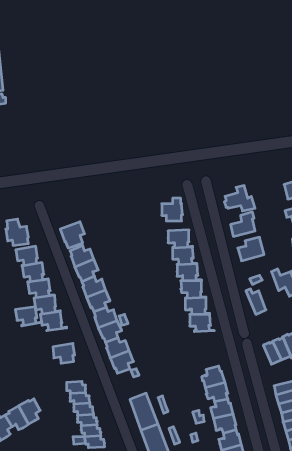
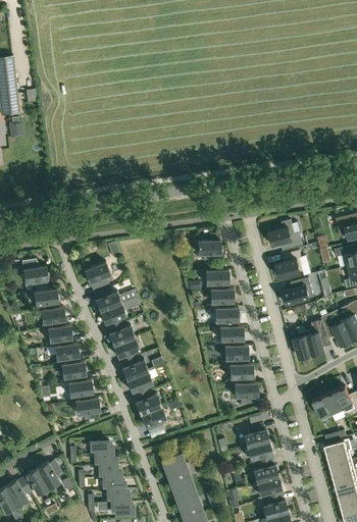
building: none -> [307,325,328,360]
building: [15,307,42,326] -> [68,380,98,402]
building: none -> [235,383,258,404]

